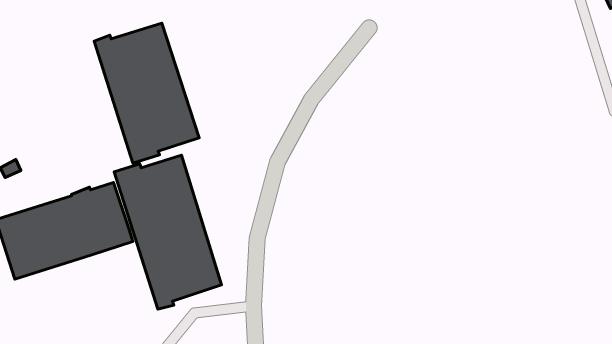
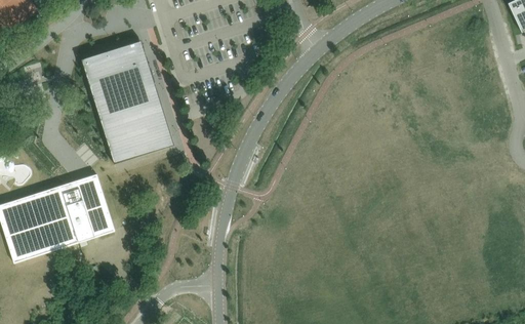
building: [114,155,222,309] -> none

